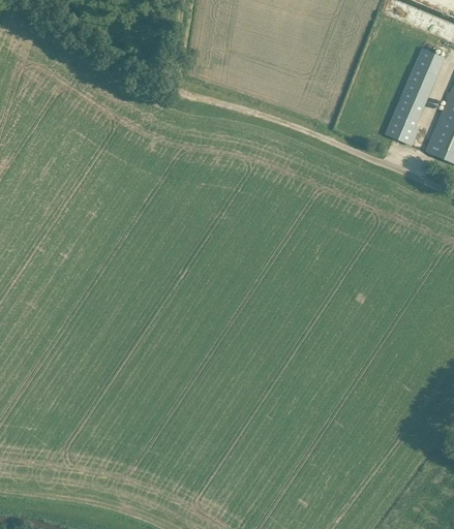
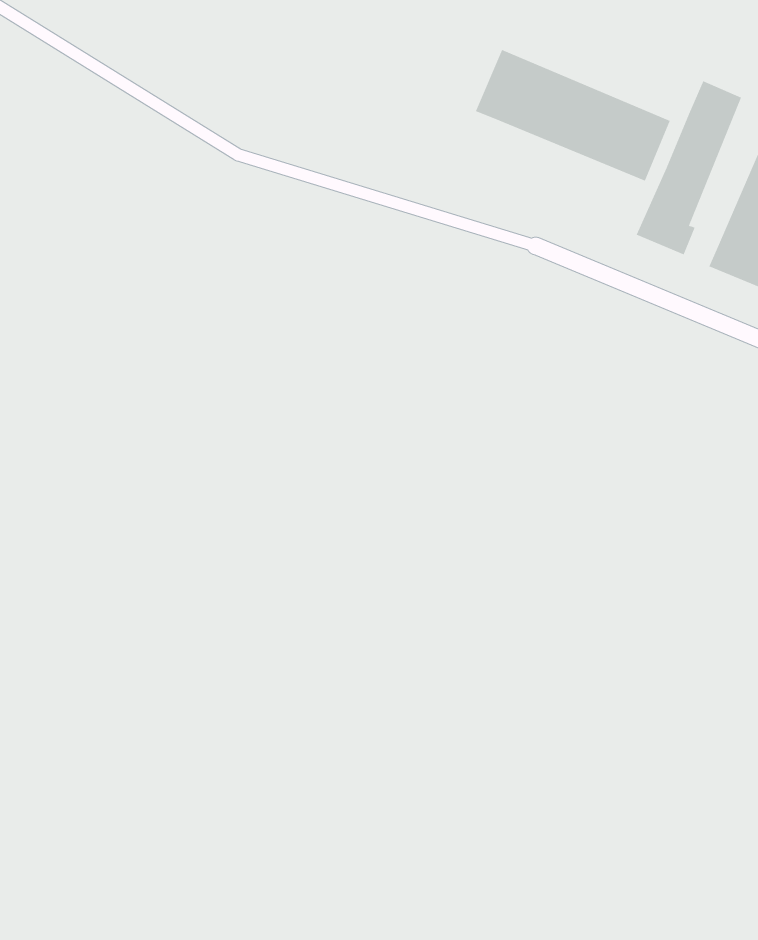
building: none -> [475,49,670,182]

